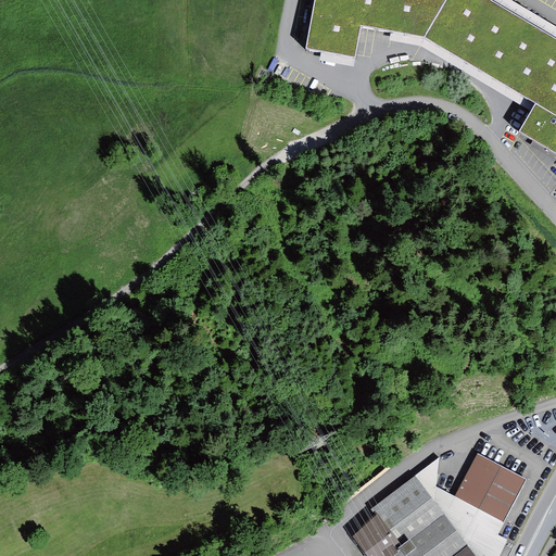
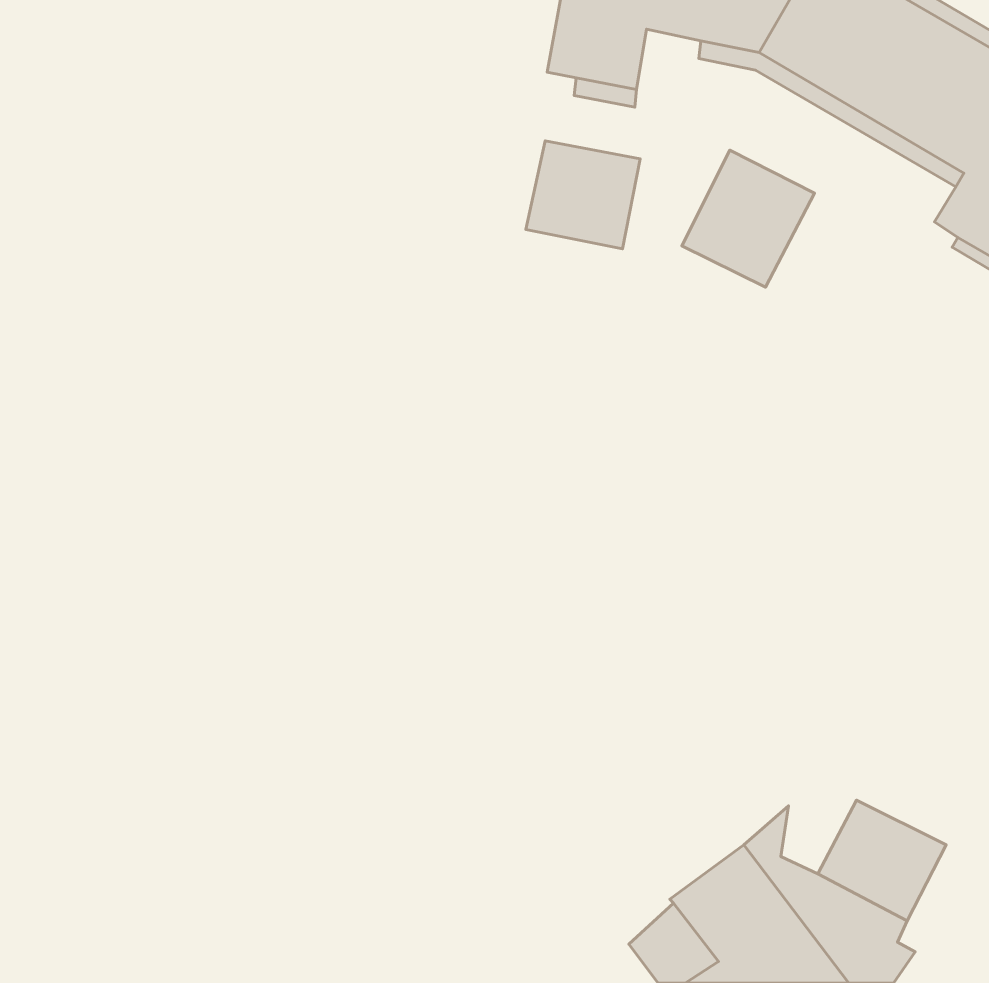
building: none -> [526,141,640,249]
building: none -> [682,150,814,287]

